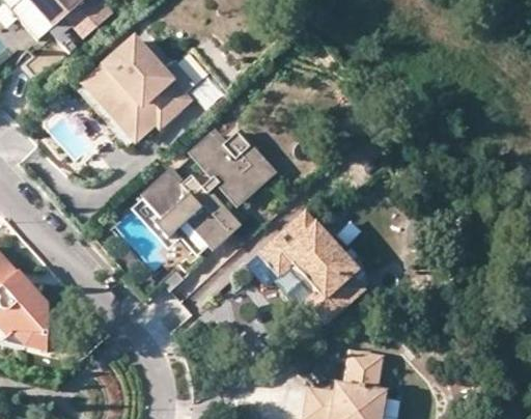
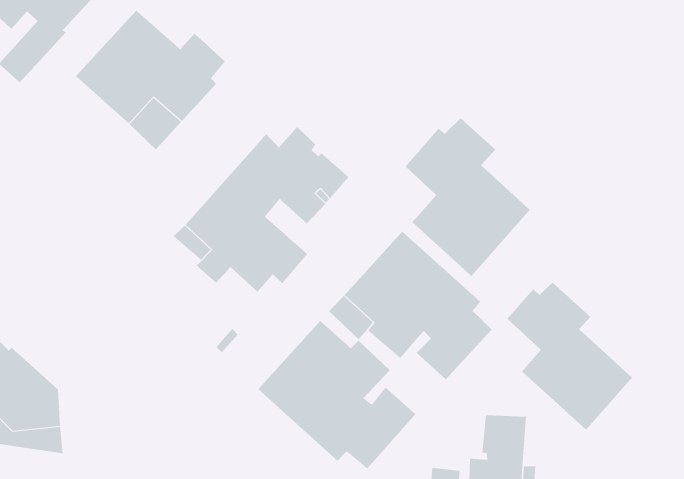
building: none -> [405,117,531,277]
building: none -> [507,282,633,430]
building: none -> [258,320,416,470]

